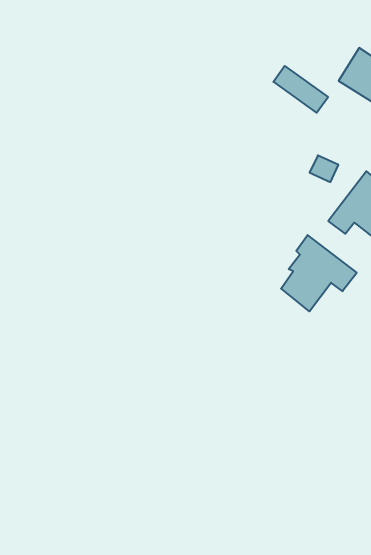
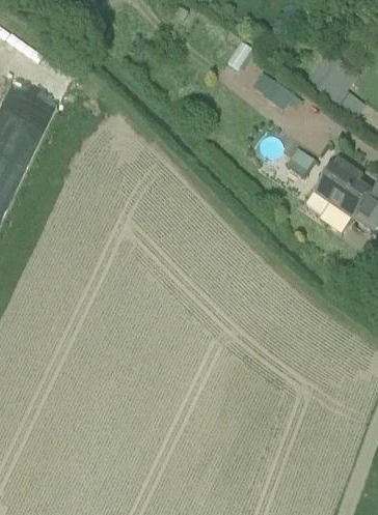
building: [281,235,357,311] -> none

